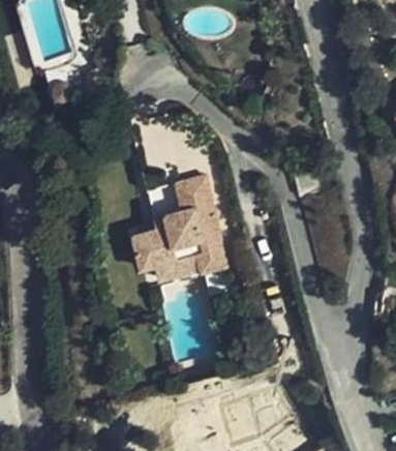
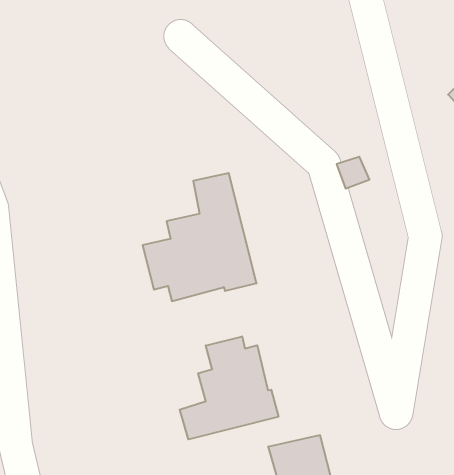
building: none -> [180,336,278,439]

